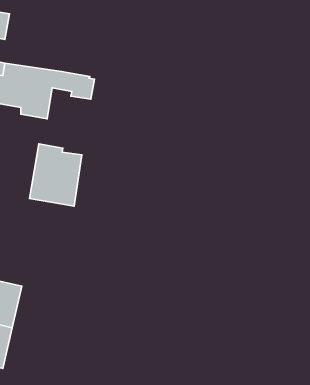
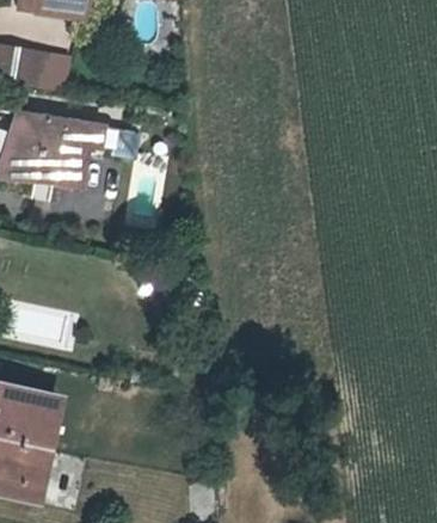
building: [30,144,82,206] -> none

